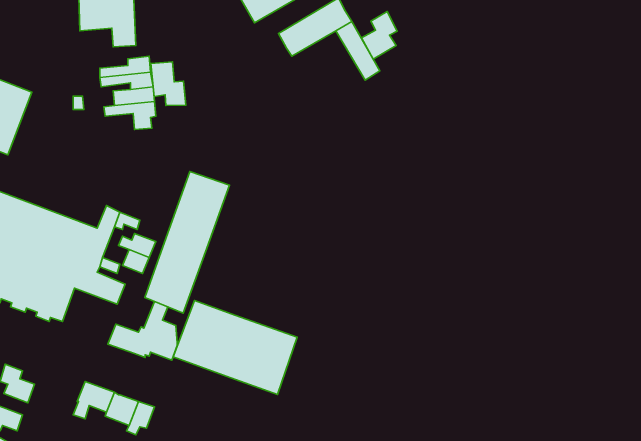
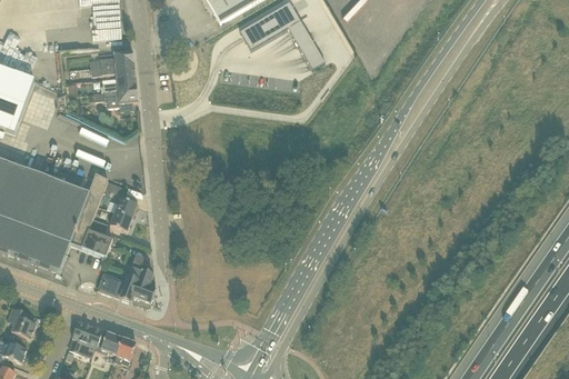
building: [361,11,397,59] -> none
building: [151,62,186,106] -> none
building: [145,172,229,313] -> none
building: [173,301,297,394] -> none

